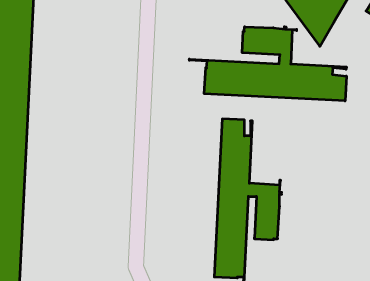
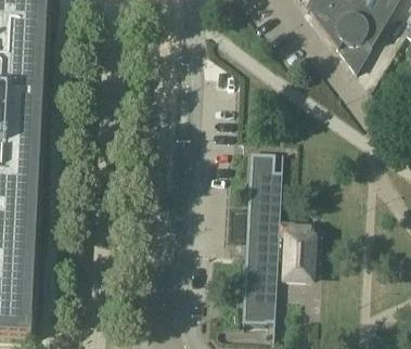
building: [189,27,346,101] -> none

